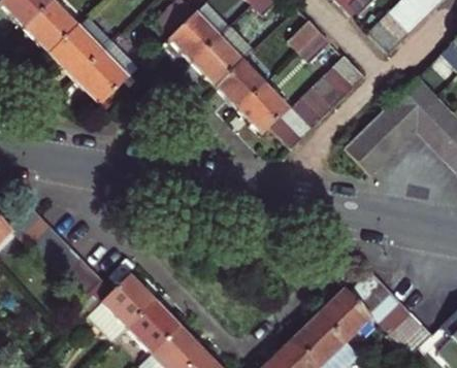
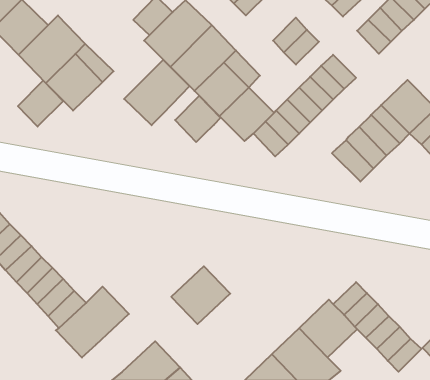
building: none -> [124,60,190,125]
building: none -> [18,81,63,127]
building: none -> [175,96,220,142]
building: [123,298,178,353] -> [171,266,230,324]

